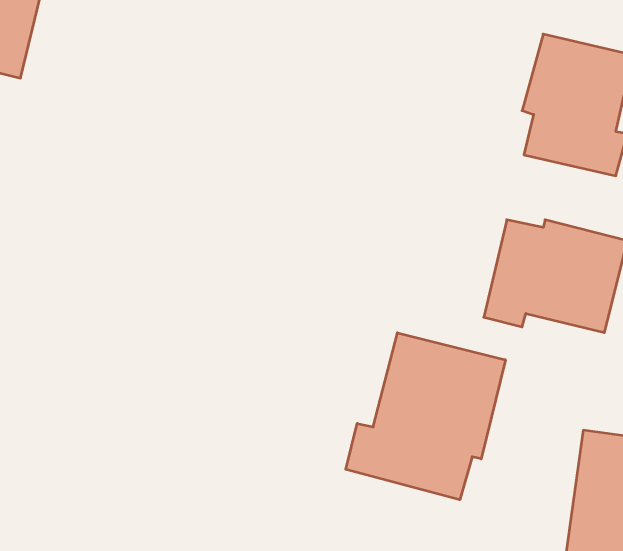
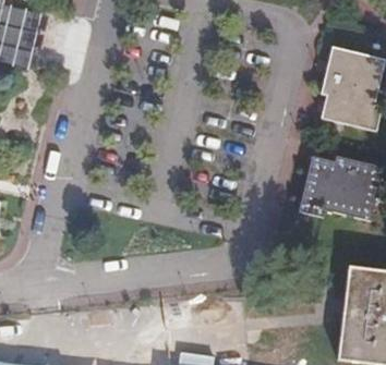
building: [346,333,505,500] -> none

